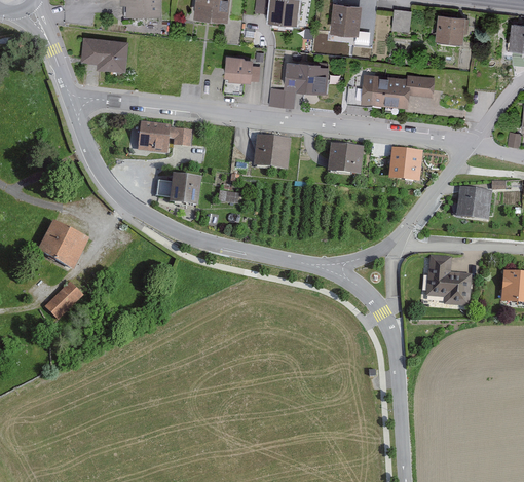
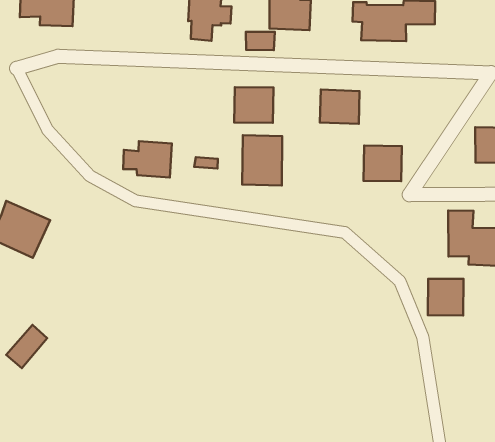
building: [137,122,191,154] -> none
building: [388,149,423,182] -> [364,146,402,181]
building: none -> [242,135,282,185]
building: [47,283,83,319] -> [6,325,47,368]
building: none -> [428,279,464,315]

